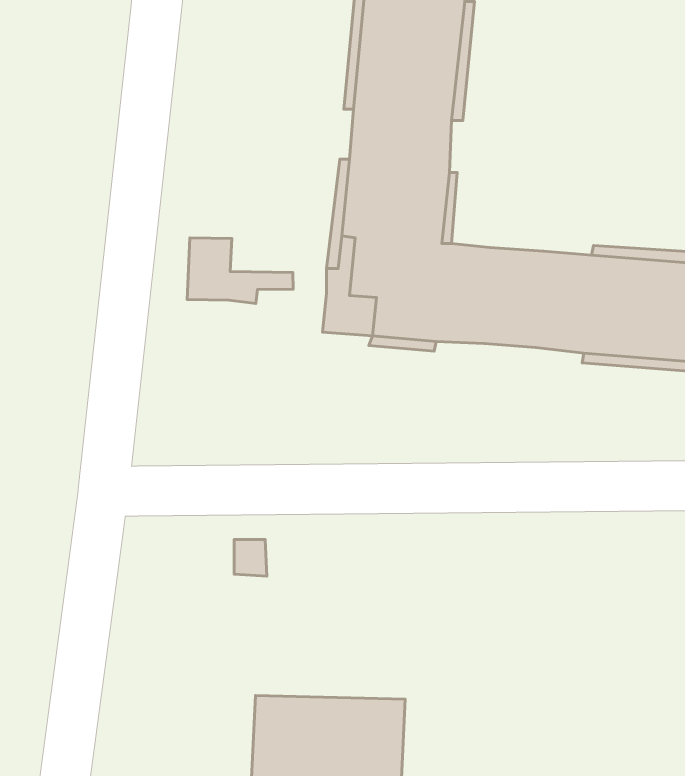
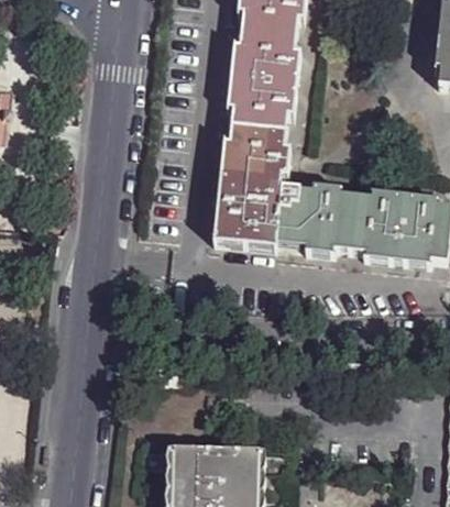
building: [187,238,293,304] -> none

